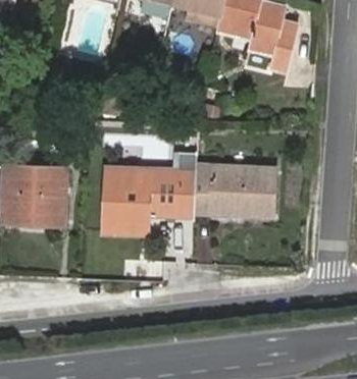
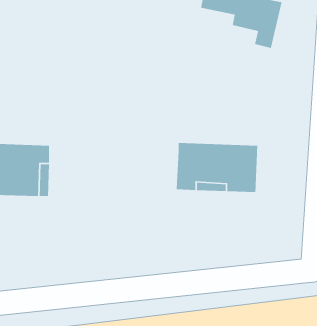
building: [104,171,193,232] -> none

